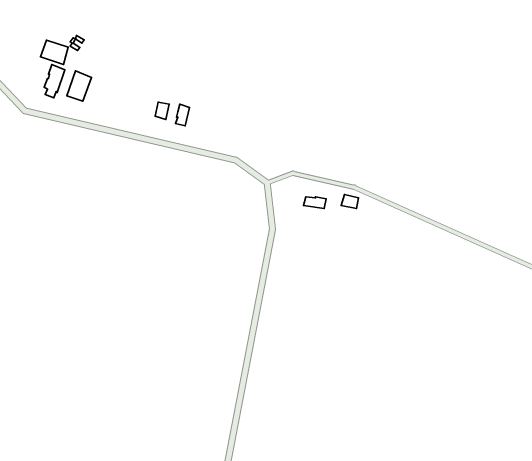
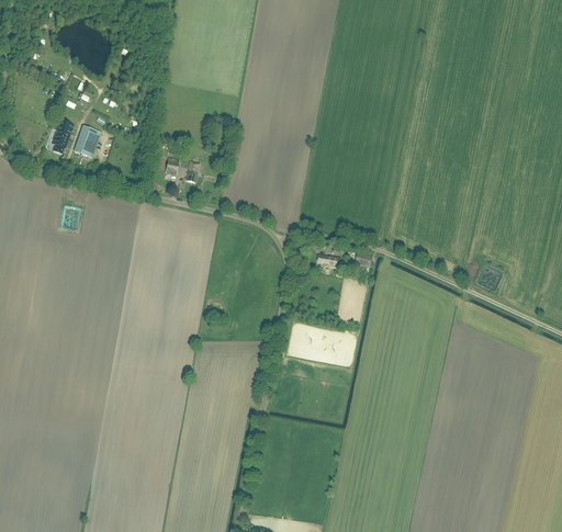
building: [41,40,68,64] -> none

